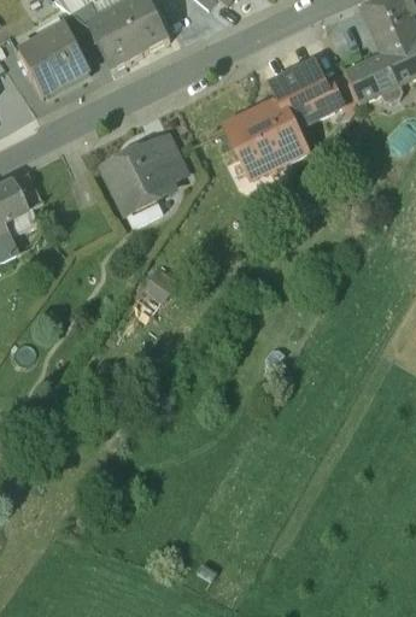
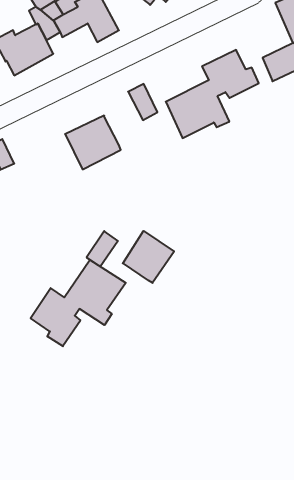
building: [100,29,143,67] -> none
building: [152,134,188,178] -> [128,84,157,120]
building: none -> [123,231,174,283]
building: none -> [31,260,126,346]

